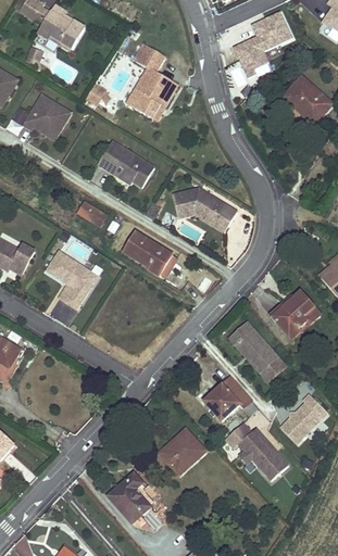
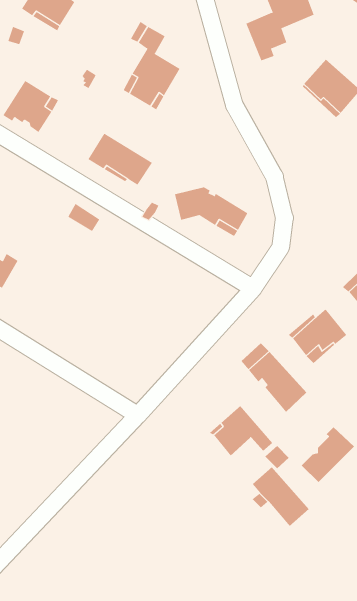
building: [124,233,178,280] -> none
building: [48,251,93,309] -> none
building: [159,429,205,476] -> none
building: [109,473,151,523] -> none

